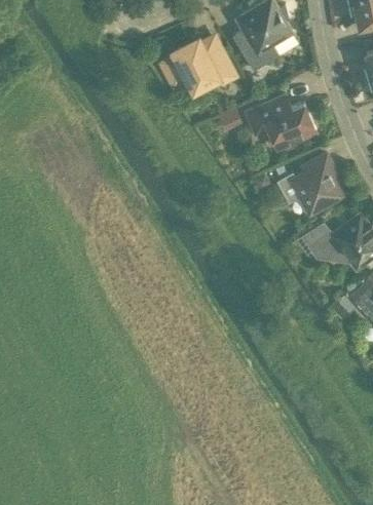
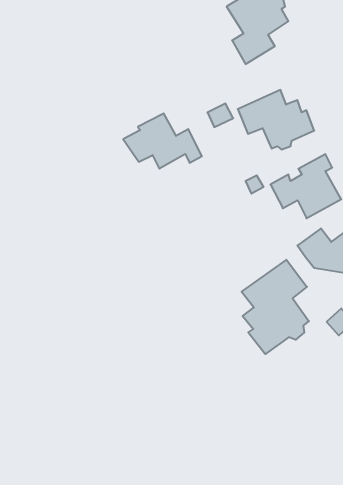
building: [160,39,232,89] -> [123,113,202,169]
building: none -> [242,260,309,354]

